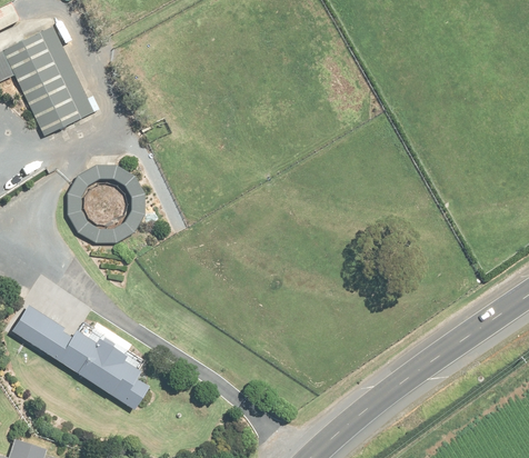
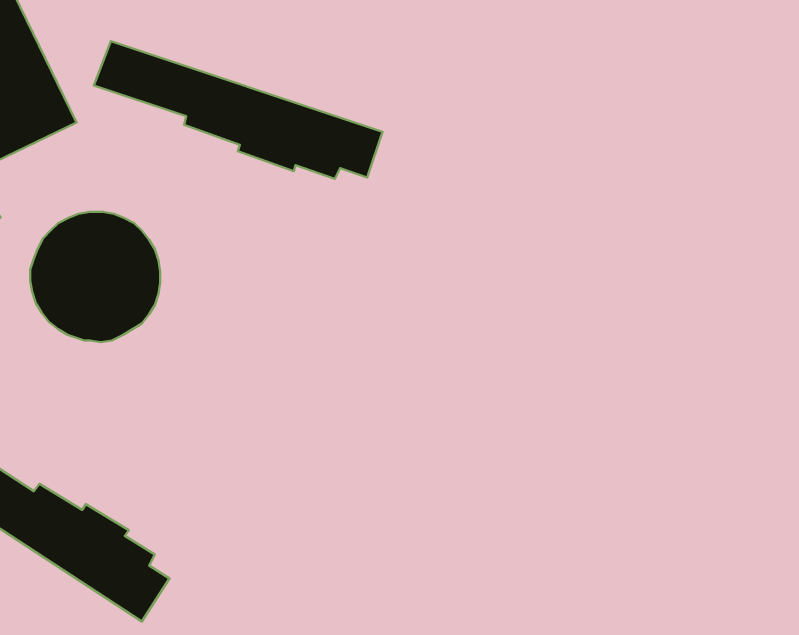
building: none -> [94,41,383,179]

